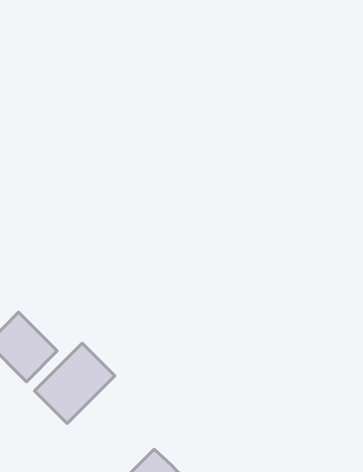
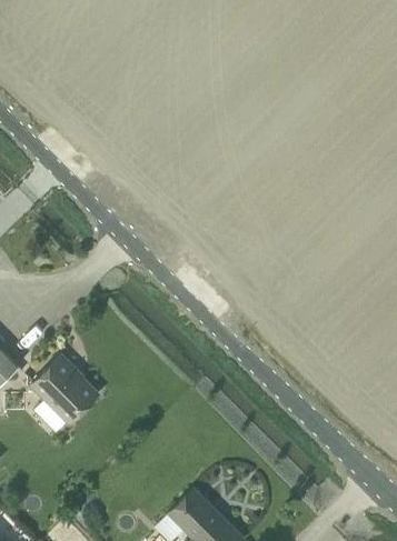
building: [34,343,115,424] -> none

